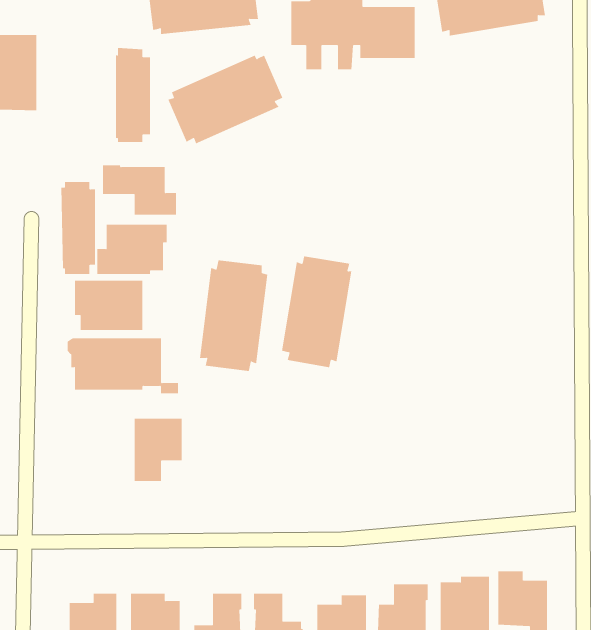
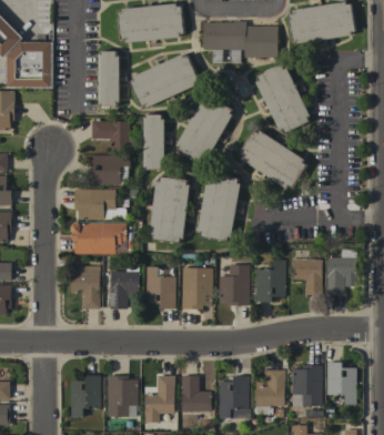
building: none -> [255,64,310,133]
building: none -> [175,95,232,164]
building: [60,181,96,275] -> [143,114,164,170]
building: none -> [239,130,306,188]
building: none -> [326,249,356,295]
building: none -> [293,259,322,295]
building: none -> [255,260,285,302]
building: none -> [219,264,249,305]
building: none -> [71,265,100,308]
building: none -> [145,266,175,308]
building: none -> [182,267,212,310]

